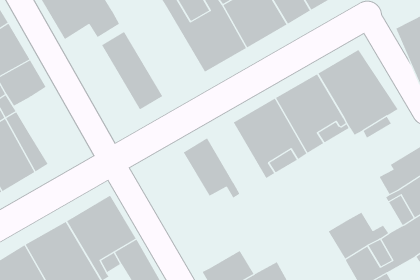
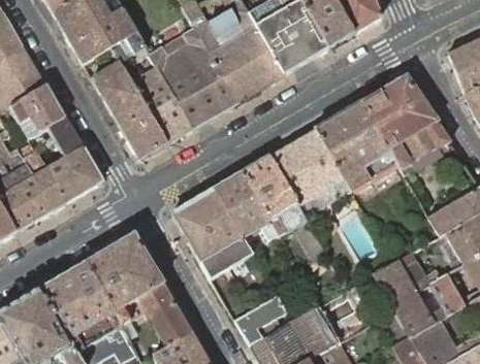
building: none -> [150,27,237,126]
building: none -> [92,62,166,158]
building: none -> [46,115,102,200]
building: none -> [241,155,322,254]
building: none -> [171,188,252,278]

